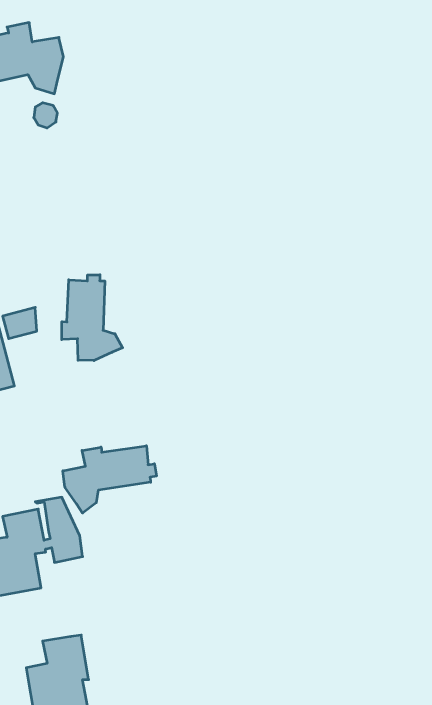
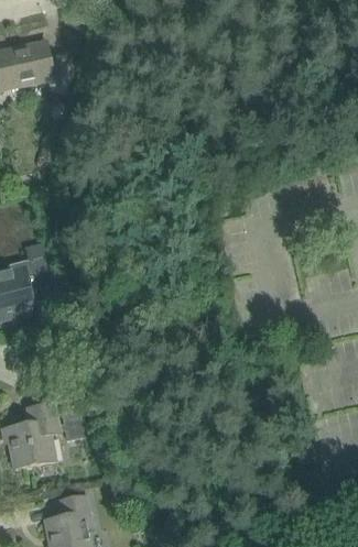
building: [62,275,123,361] -> none
building: [63,446,156,513] -> none

